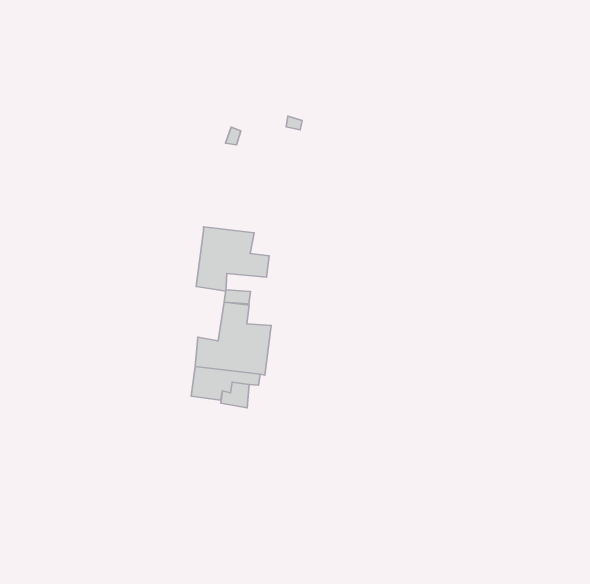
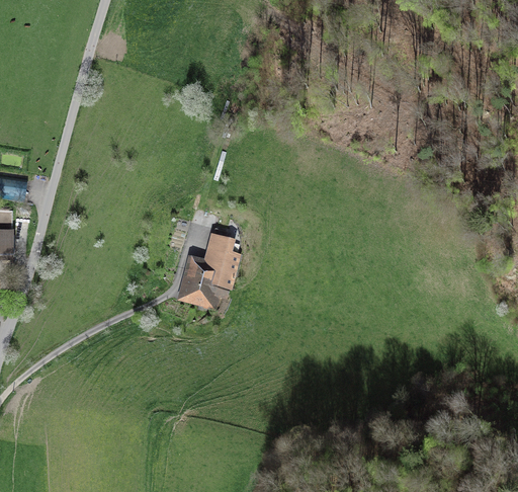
building: [196,227,269,291] -> none

